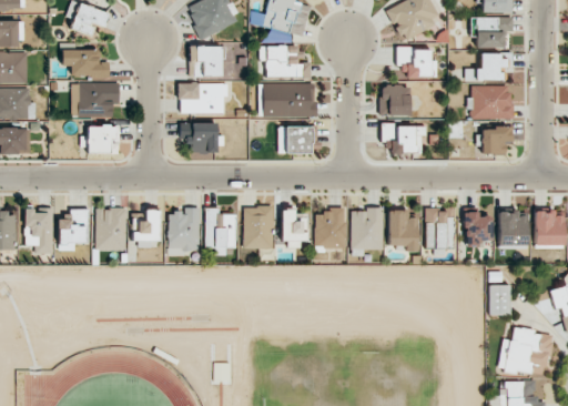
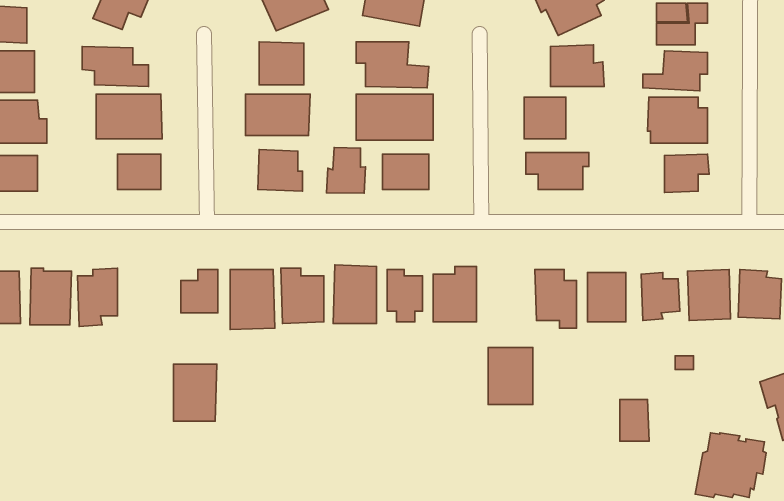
building: none -> [327,147,366,193]
building: [95,209,126,250] -> [174,364,217,421]
building: [351,209,383,250] -> [488,347,533,404]
building: [488,285,509,315] -> [620,399,649,441]

